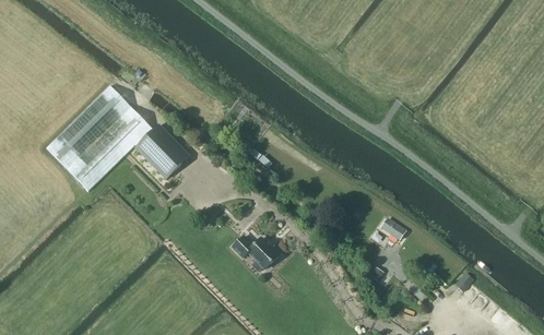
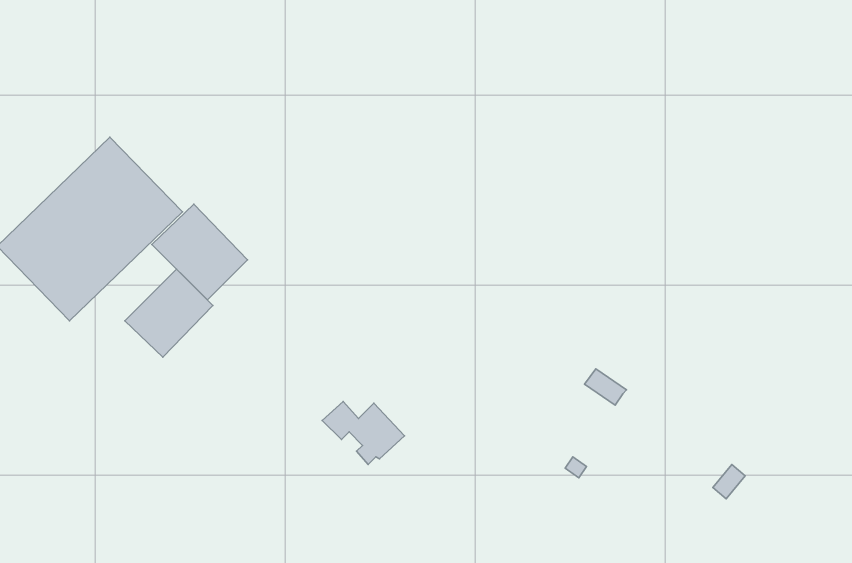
building: none -> [125,269,213,357]

